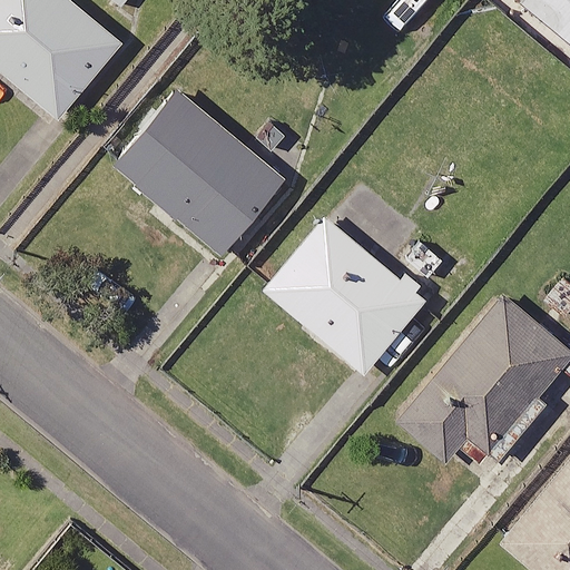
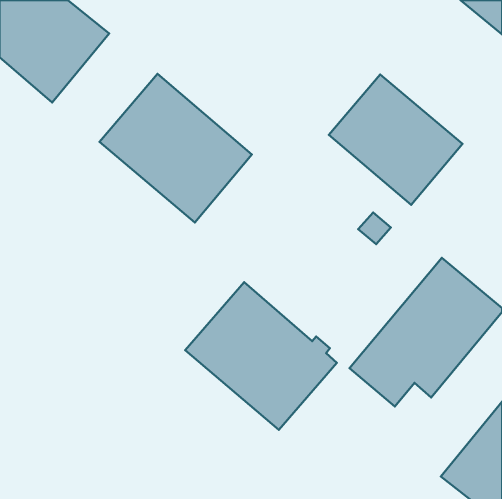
building: none -> [329,75,462,205]
building: [258,213,430,380] -> [185,282,337,430]

